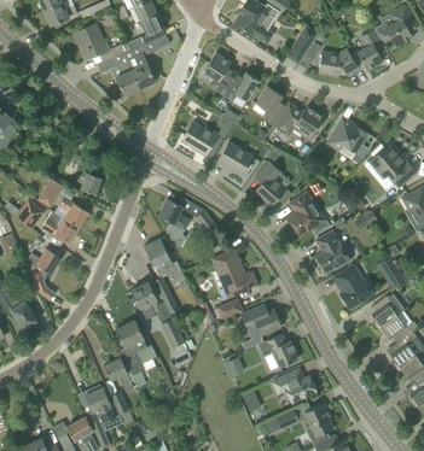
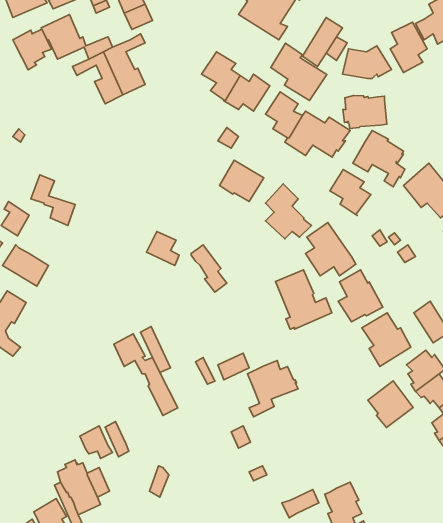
building: none -> [13,29,51,70]
building: none -> [271,43,327,100]
building: none -> [343,95,387,128]
building: [181,122,222,156] -> none
building: none -> [330,170,371,216]
building: [54,197,88,227] -> none
building: [144,239,186,286] -> none
building: [210,250,256,298] -> [275,270,332,329]
building: none -> [368,381,413,427]
building: [117,321,156,363] -> none
building: [259,334,297,368] -> none
building: [271,369,315,403] -> none

